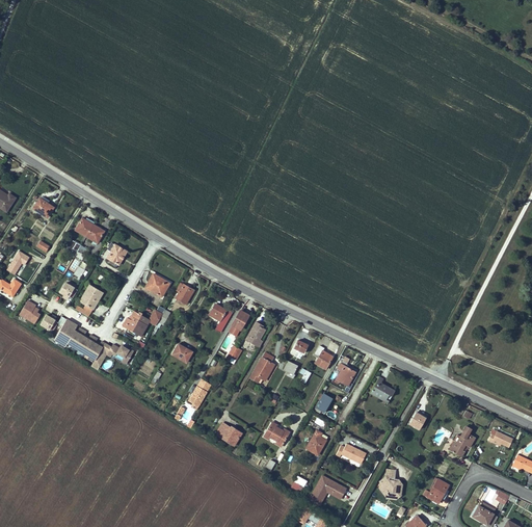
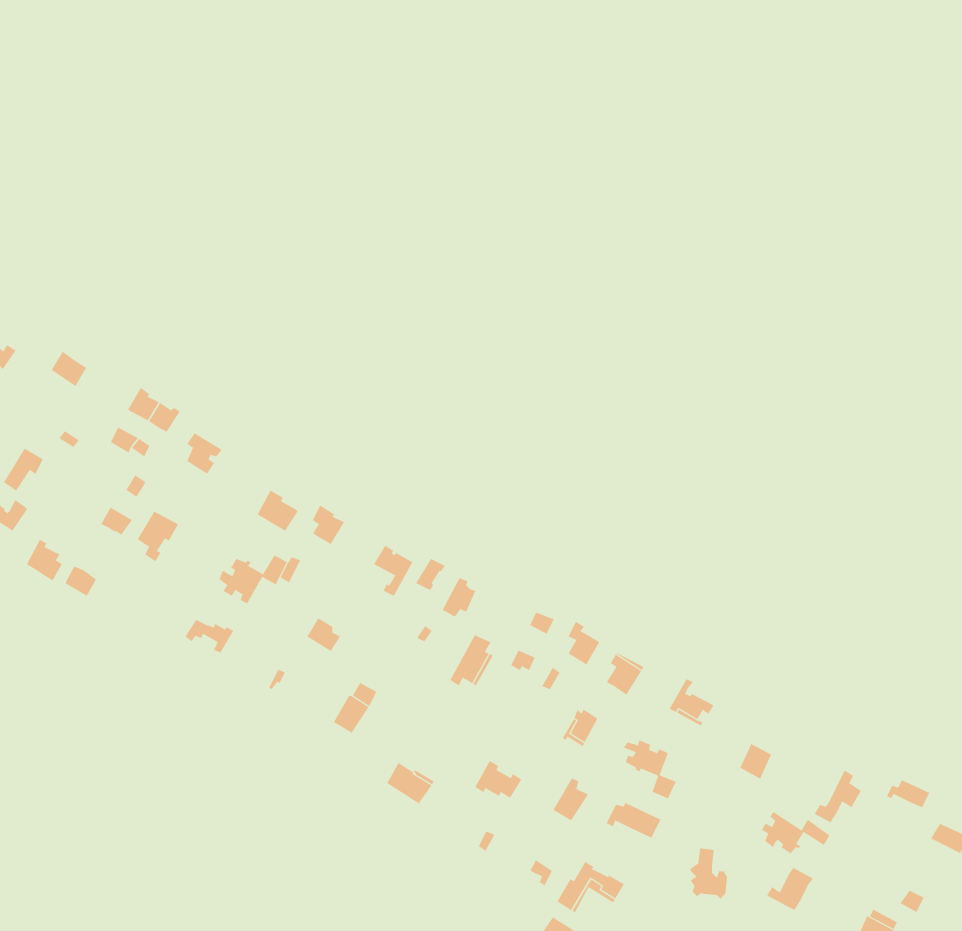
building: [54,320,105,363] -> none
building: none -> [623,740,676,799]
building: none -> [761,811,830,854]

